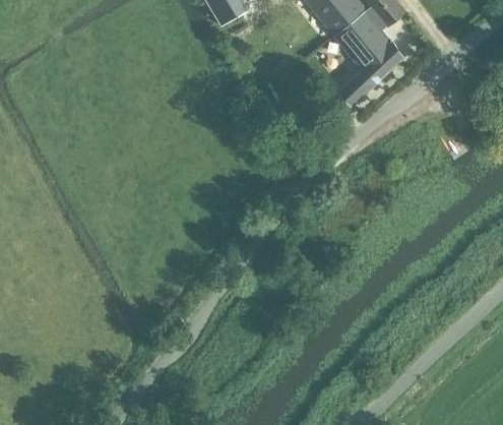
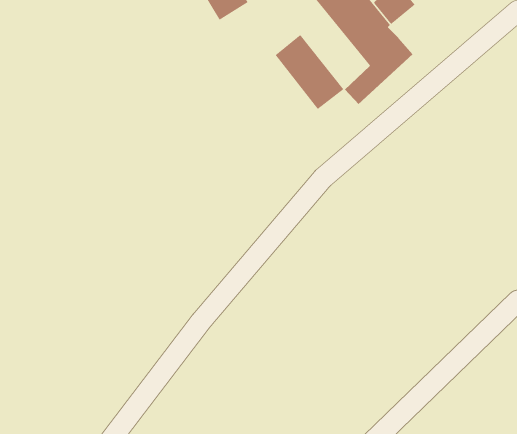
building: none -> [275,34,344,110]

